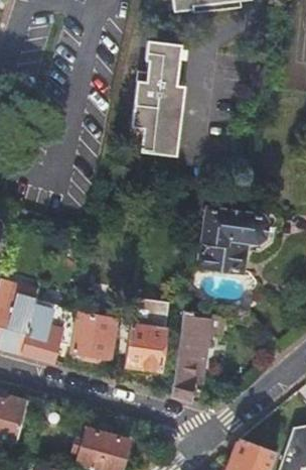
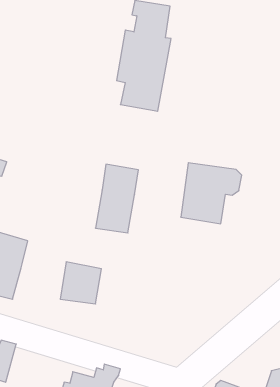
building: [123,298,168,370] -> [95,164,138,233]
building: [21,300,74,362] -> none
building: [169,312,222,401] -> none

